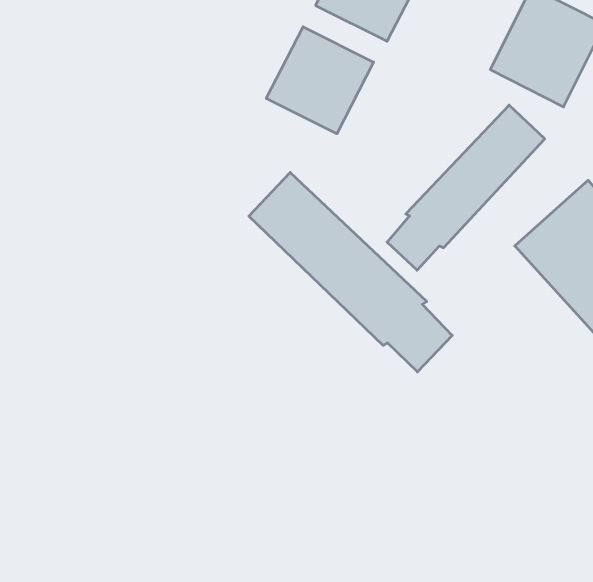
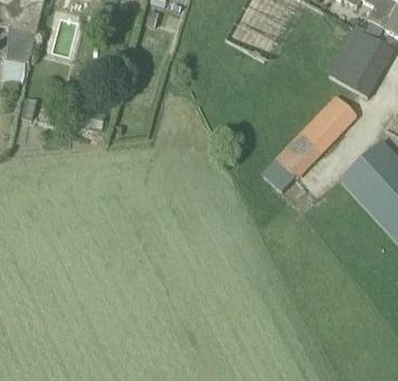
building: [266,27,374,134] -> none
building: [249,172,452,372] -> none

